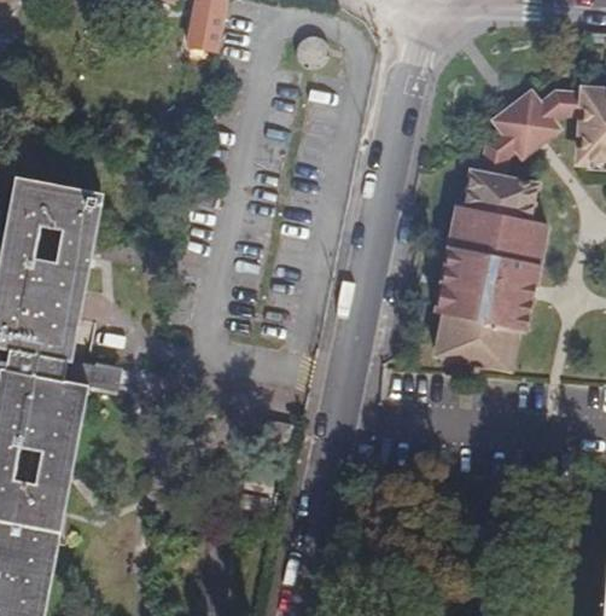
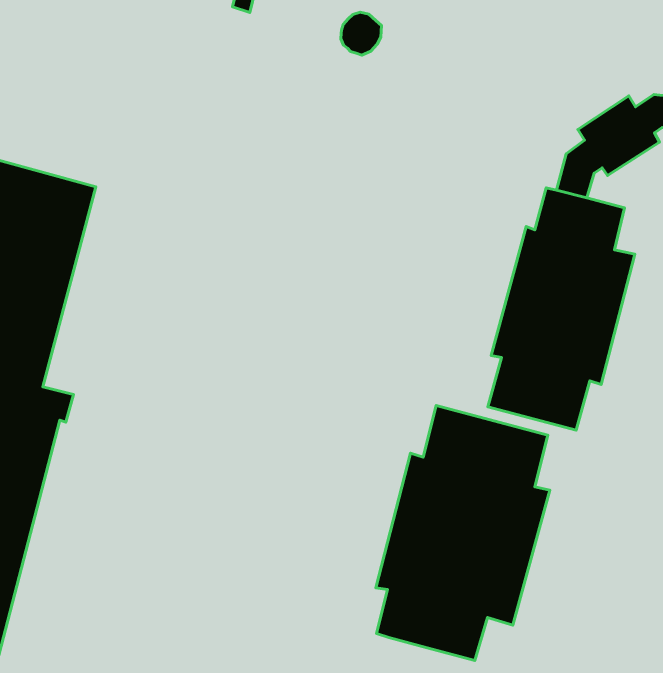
building: none -> [376,406,550,661]

